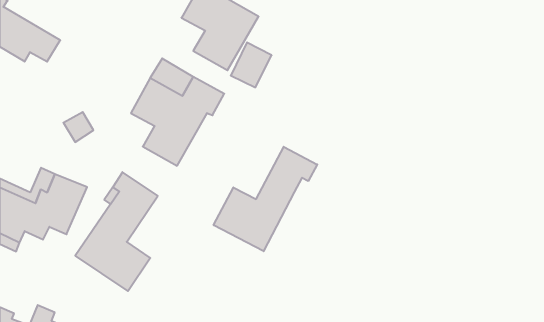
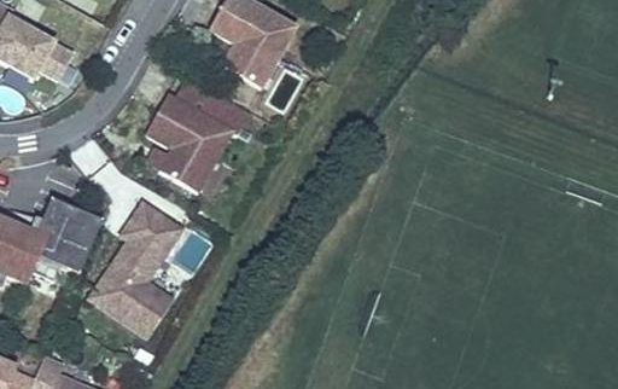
building: [214,147,317,251] -> none

